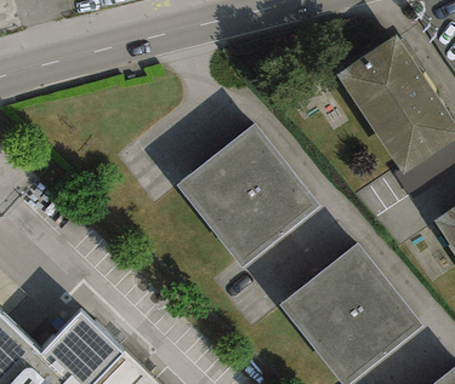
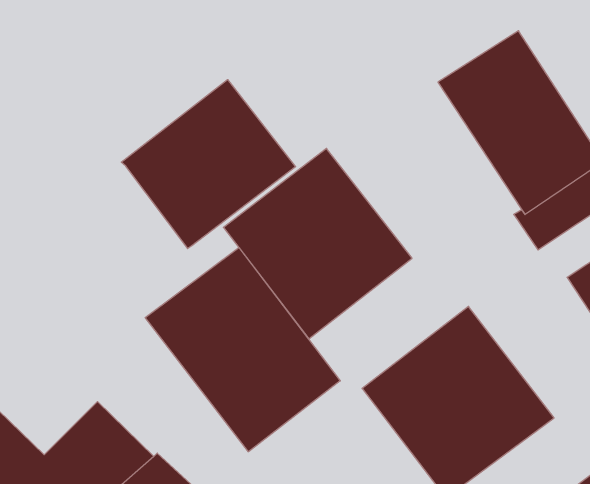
building: none -> [121,80,296,249]
building: none -> [145,247,340,452]

